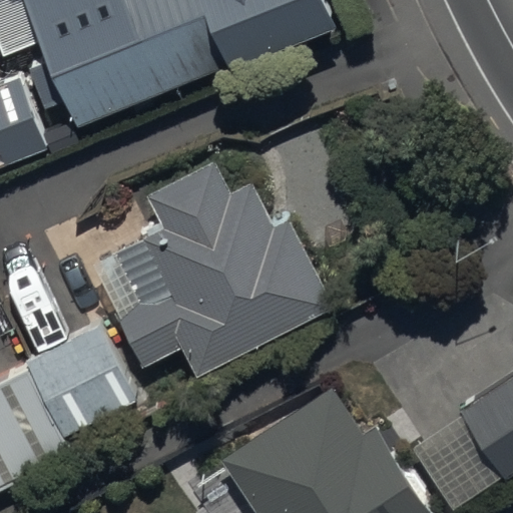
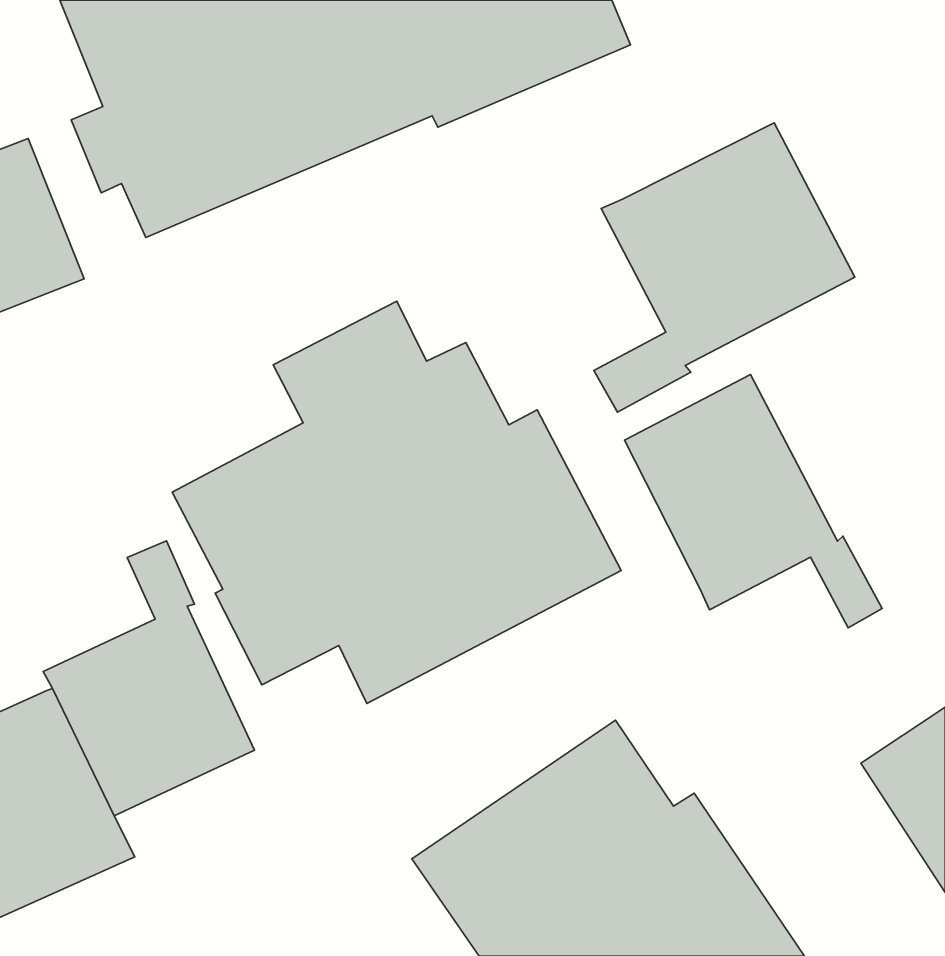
building: none -> [594,123,855,412]
building: none -> [625,374,882,628]

